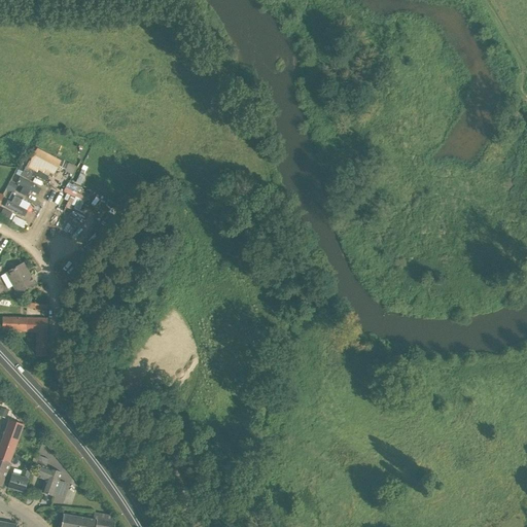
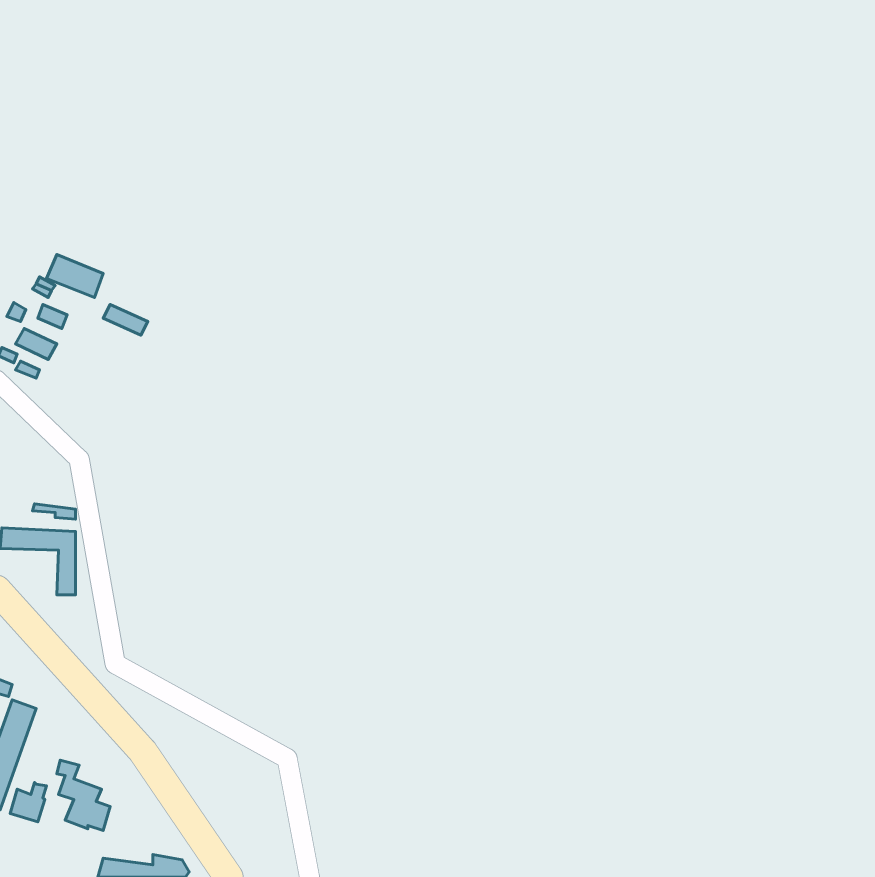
building: [5,264,34,293] -> none

